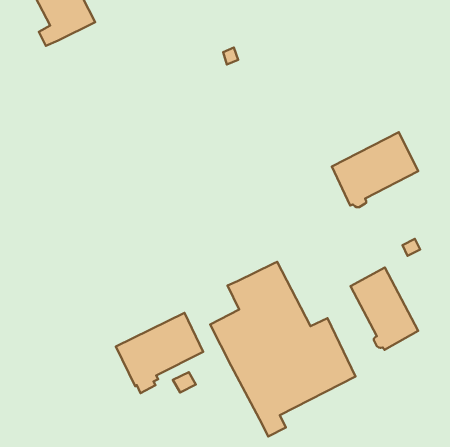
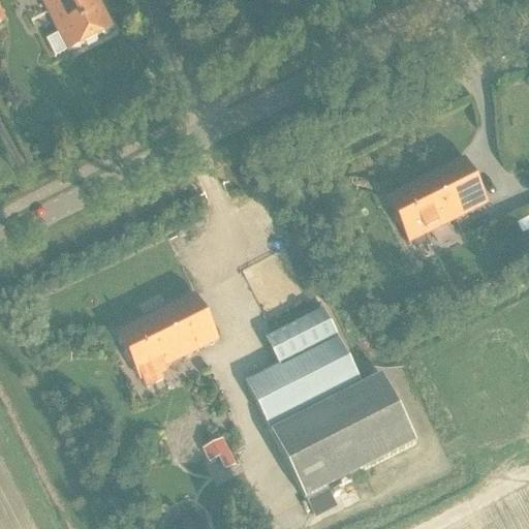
building: [351,268,418,350] -> none
building: [116,313,203,393] -> [119,292,221,386]

